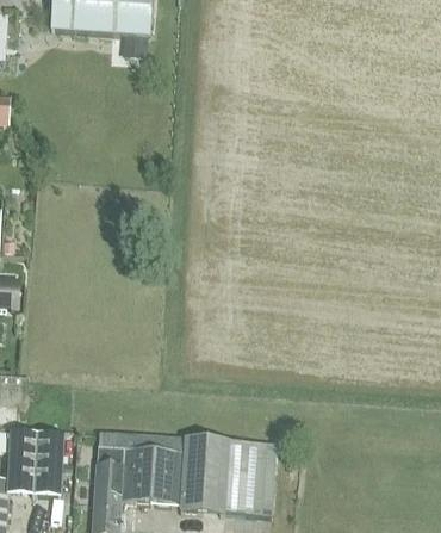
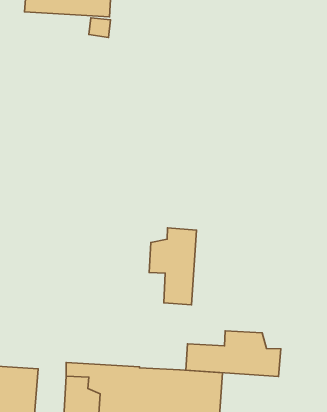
building: none -> [149,228,197,305]
building: none -> [186,331,281,377]

